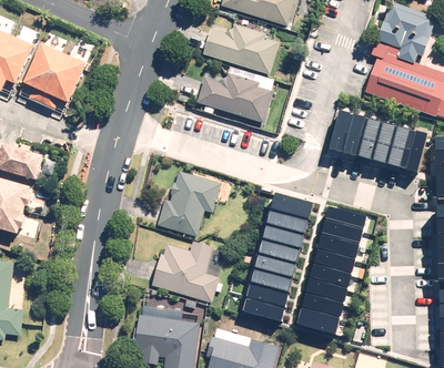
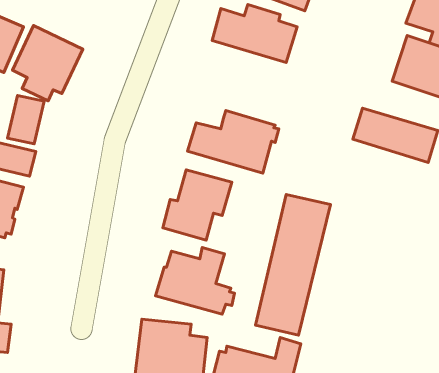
building: [196,67,279,123] -> [187,110,279,173]
building: none -> [8,96,44,144]
building: [303,208,370,335] -> none

